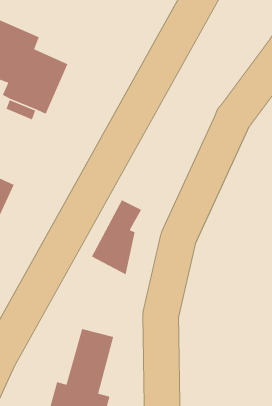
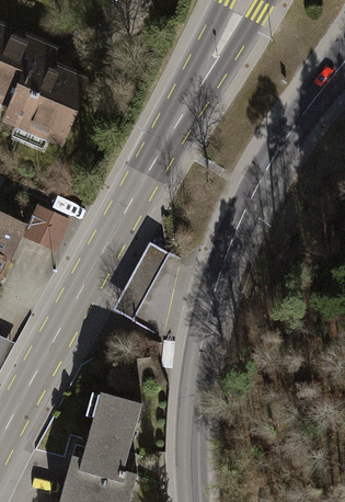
building: none -> [25,206,69,250]

